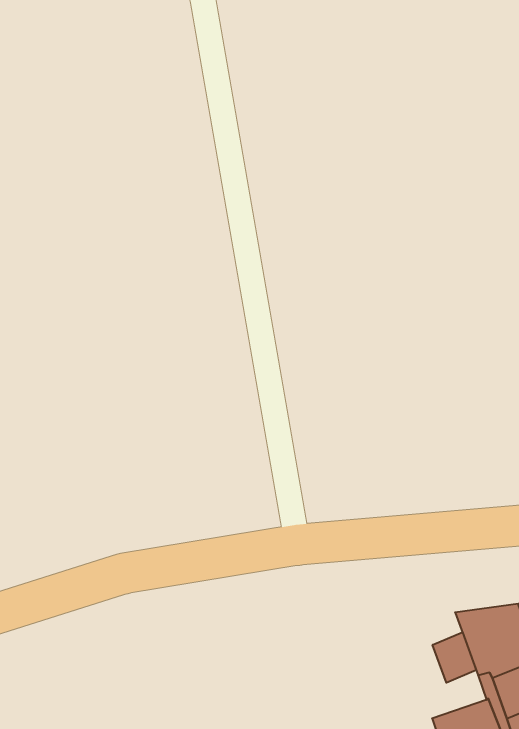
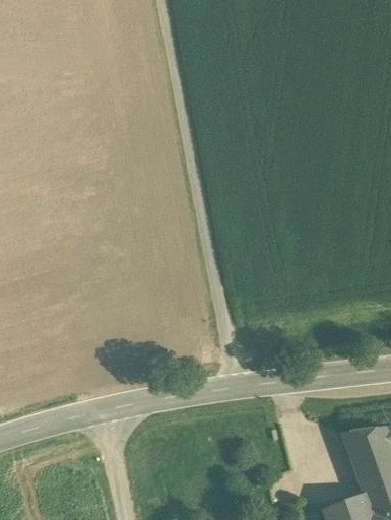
building: [433,632,476,683] -> none

